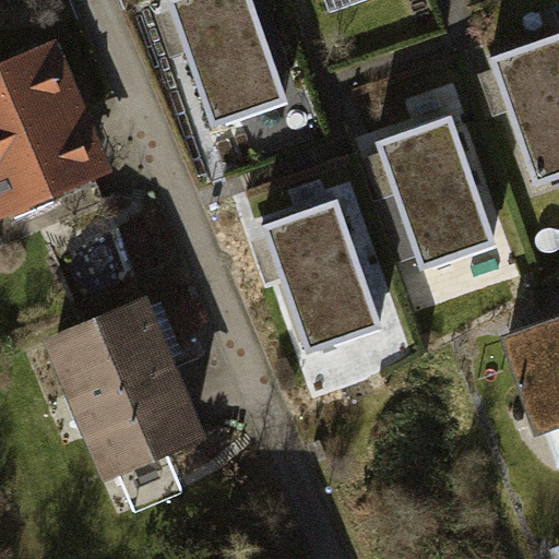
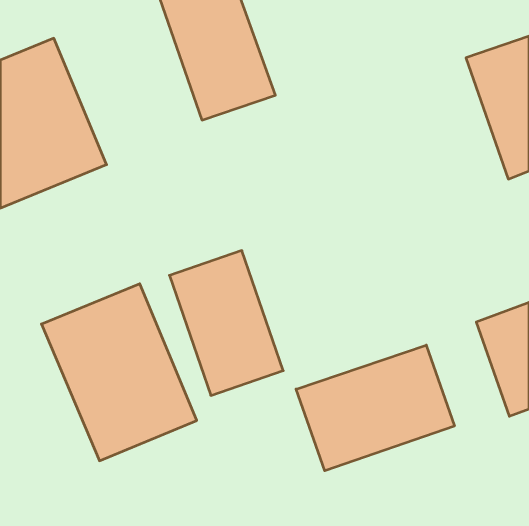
building: [378,114,497,267] -> none
building: [262,198,382,350] -> [169,251,283,395]
building: none -> [296,345,454,471]

